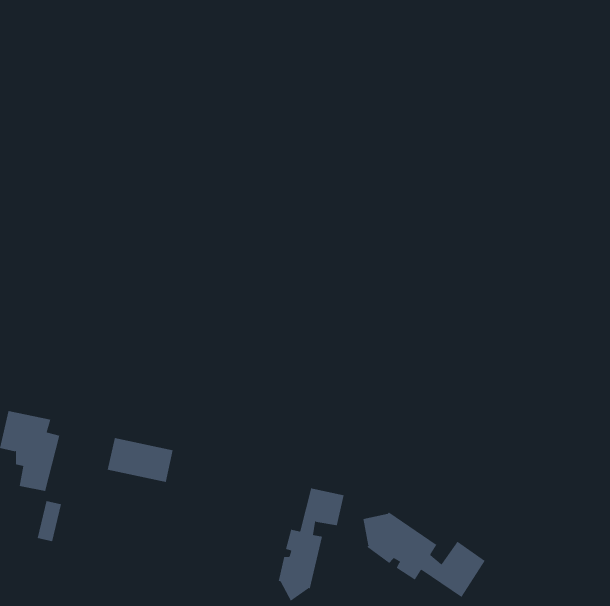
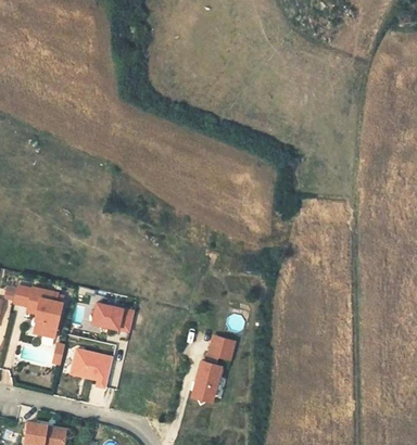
building: [363,511,486,598] -> none
building: none -> [71,351,110,381]

